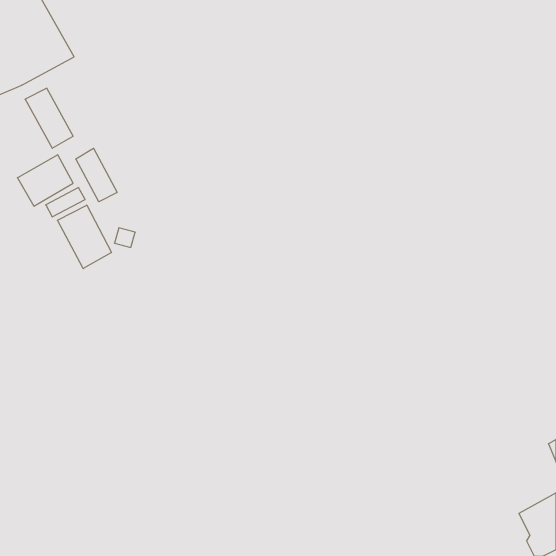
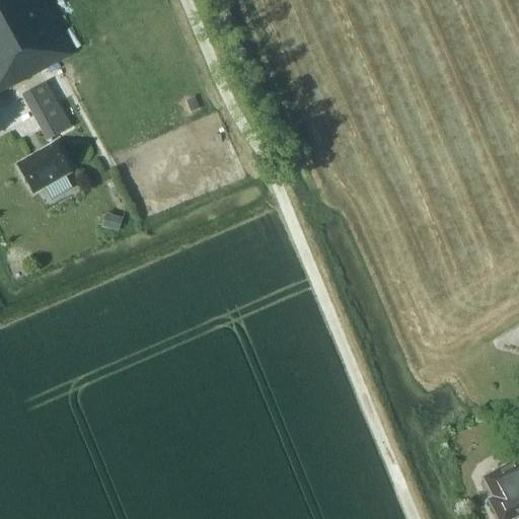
building: [76,148,117,202] -> none
building: [57,205,111,269] -> none

